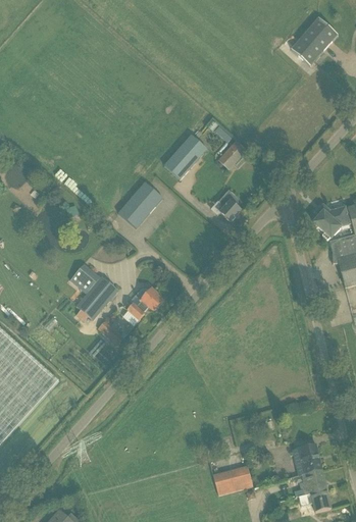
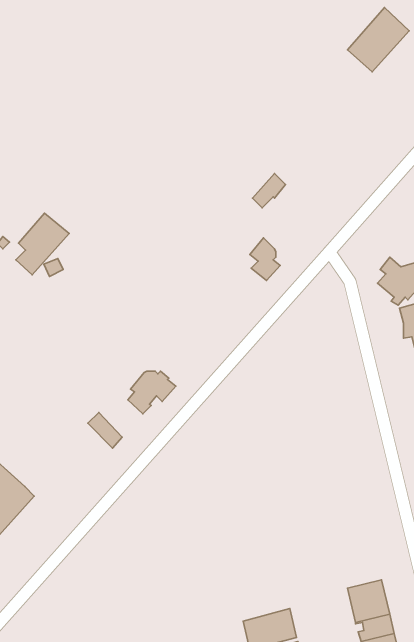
building: [164,134,207,178] -> none
building: [123,181,163,227] -> [16,213,69,275]
building: [68,262,118,319] -> none

